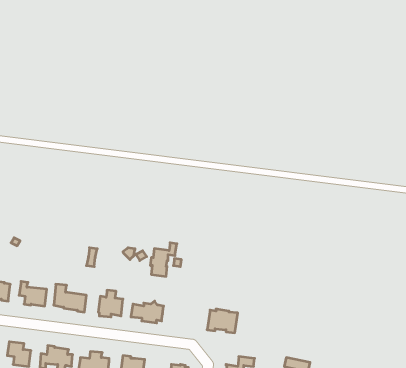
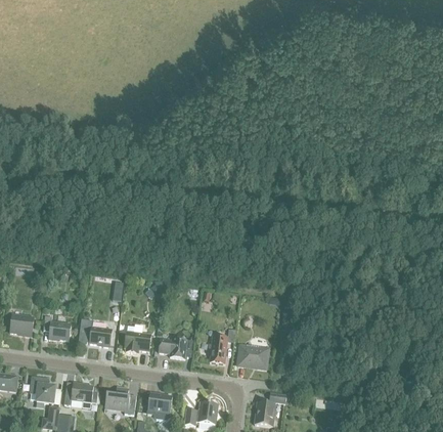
building: [150,243,177,276] -> [208,329,235,363]

